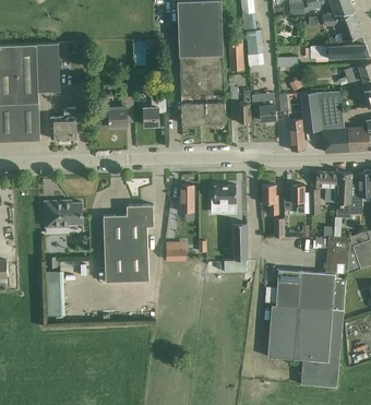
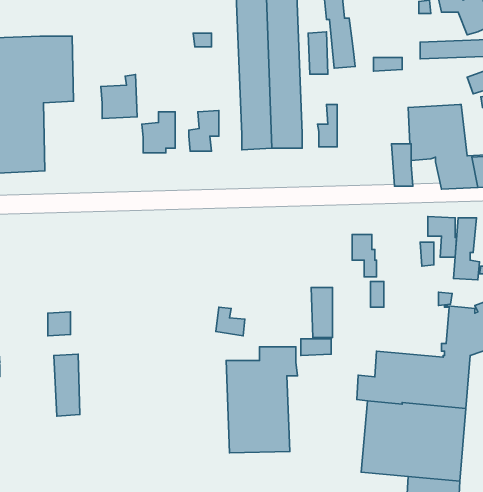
building: [251,93,276,122] -> none
building: [50,108,76,140] -> [101,75,137,118]
building: [177,186,193,221] -> none
building: [211,186,236,214] -> none
building: [284,186,303,214] -> none
building: [44,201,83,228] -> none
building: [103,205,154,282] -> [226,347,297,453]

